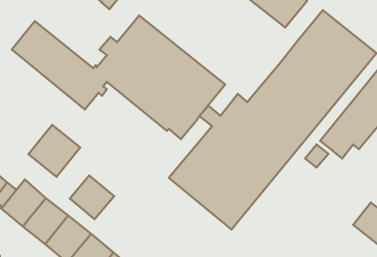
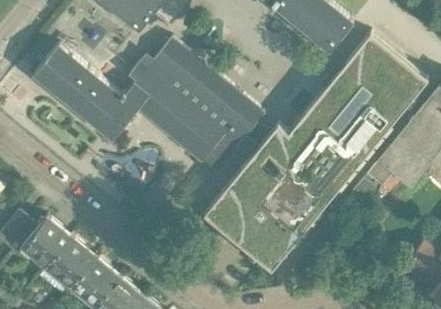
building: [29,125,80,177] -> none
building: [70,175,114,219] -> none

